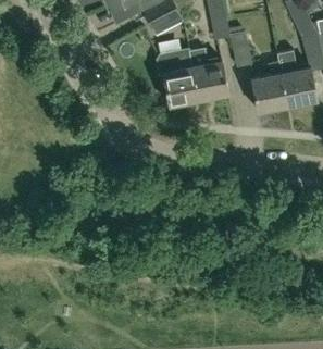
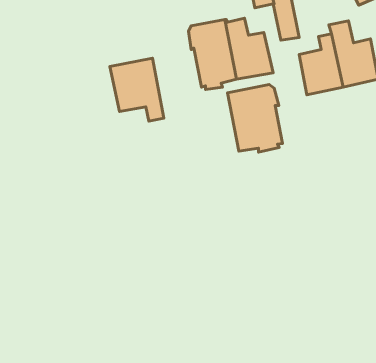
building: none -> [110,58,164,121]
building: none -> [228,84,283,152]

